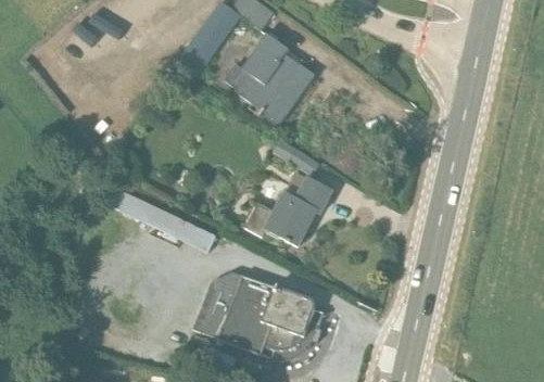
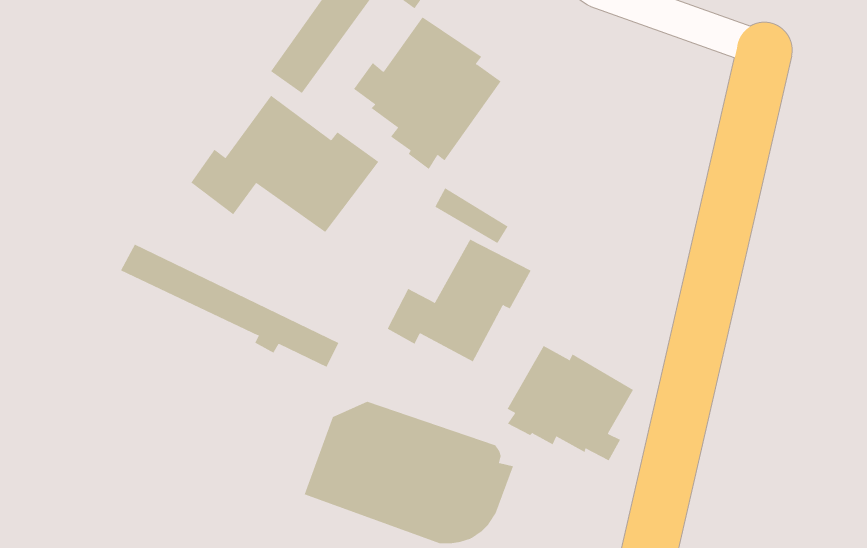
building: none -> [190,95,379,233]
building: none -> [507,345,634,461]

